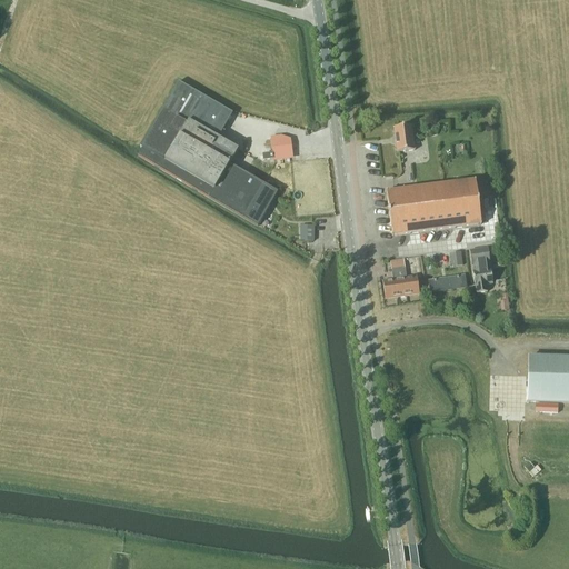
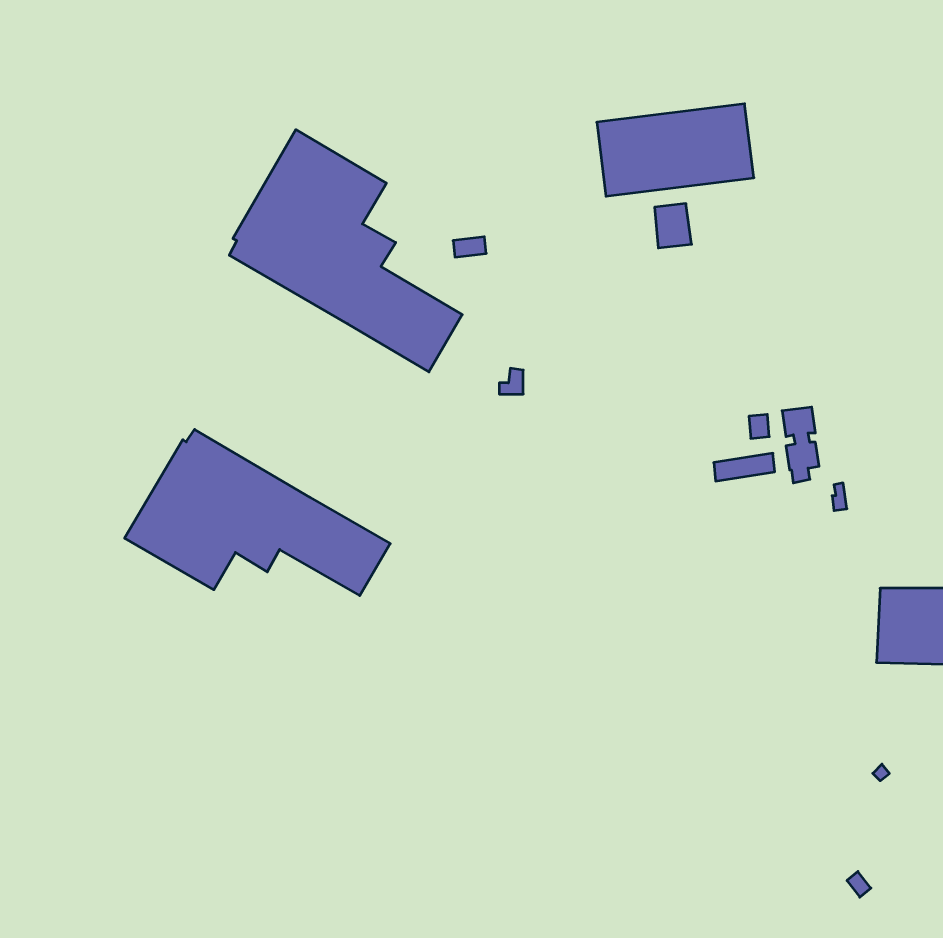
building: [388,177,482,232] -> [597,104,754,196]
building: [383,254,420,296] -> none
building: none -> [125,429,390,596]

